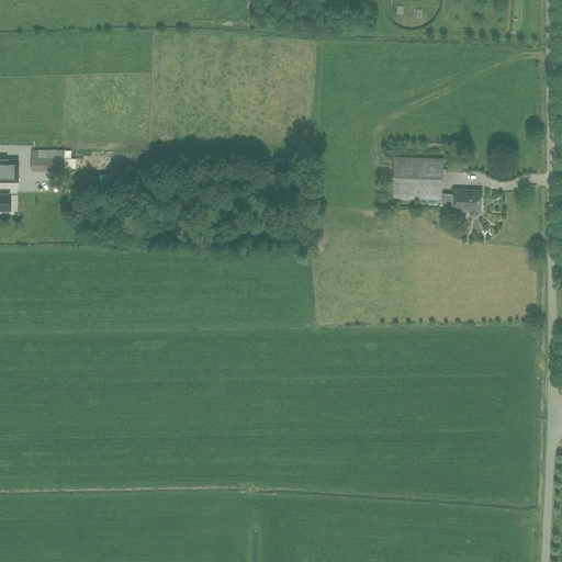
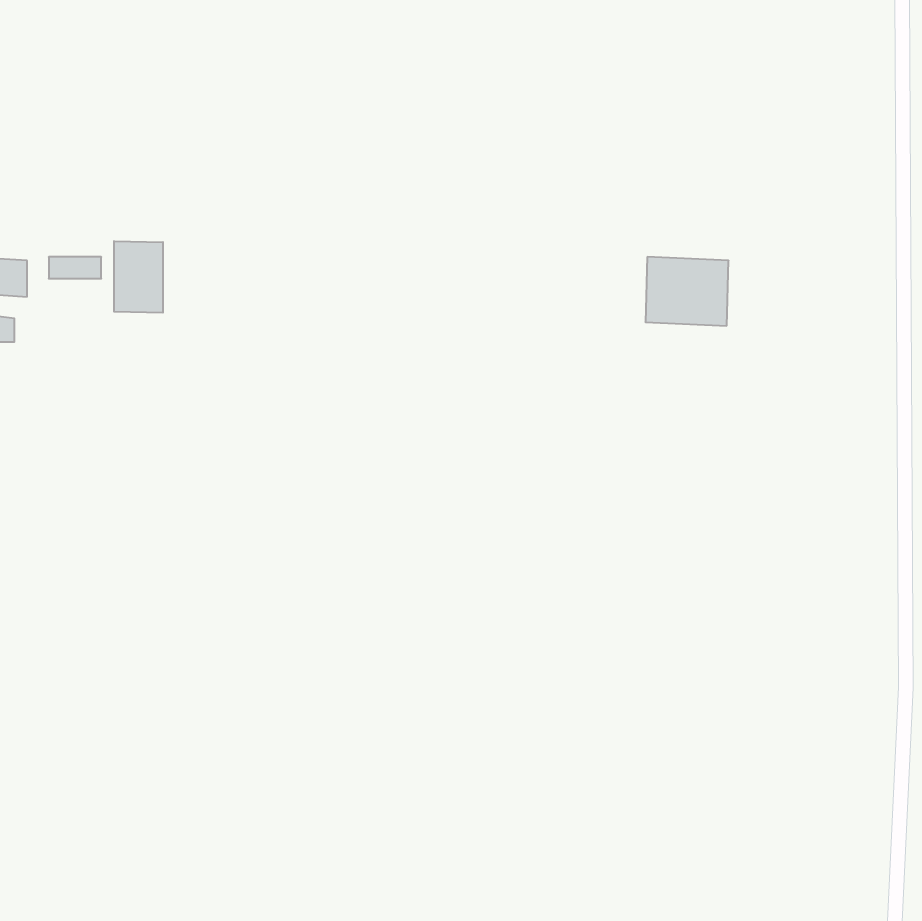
building: none -> [114,241,163,313]
building: [452,189,481,215] -> none

